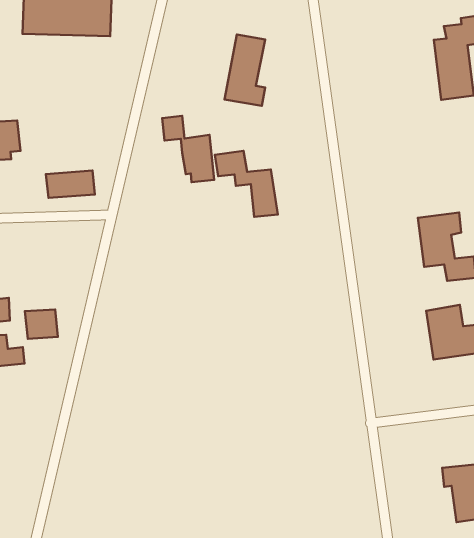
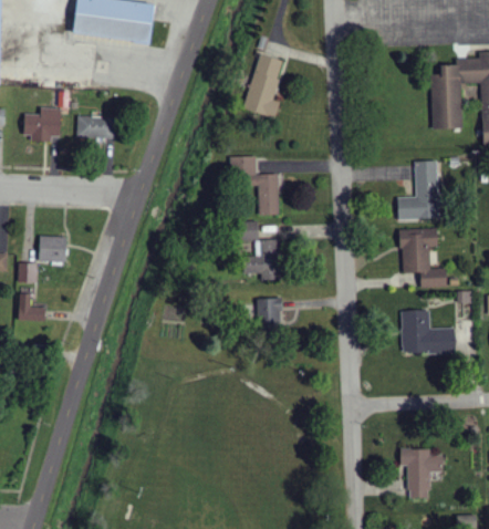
building: [162,116,214,182] -> [241,220,281,279]
building: none -> [398,160,439,219]
building: [46,171,95,198] -> [77,115,118,137]
building: [25,309,58,339] -> [40,236,66,261]
building: none -> [257,298,282,325]

